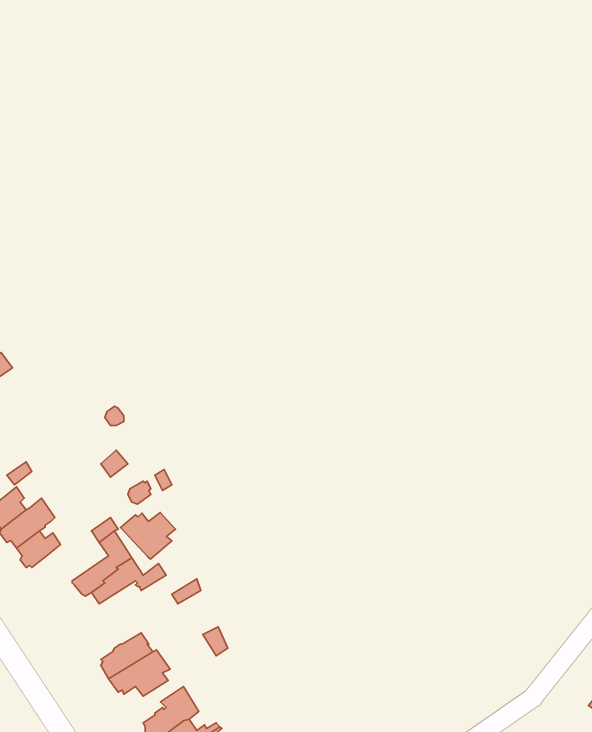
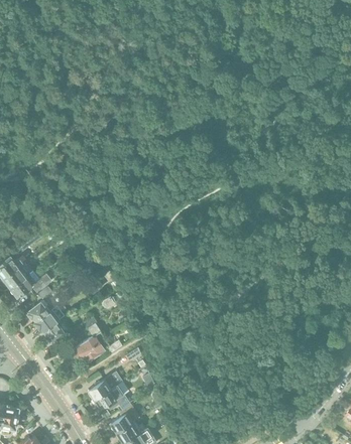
building: [121,513,175,559] -> none

